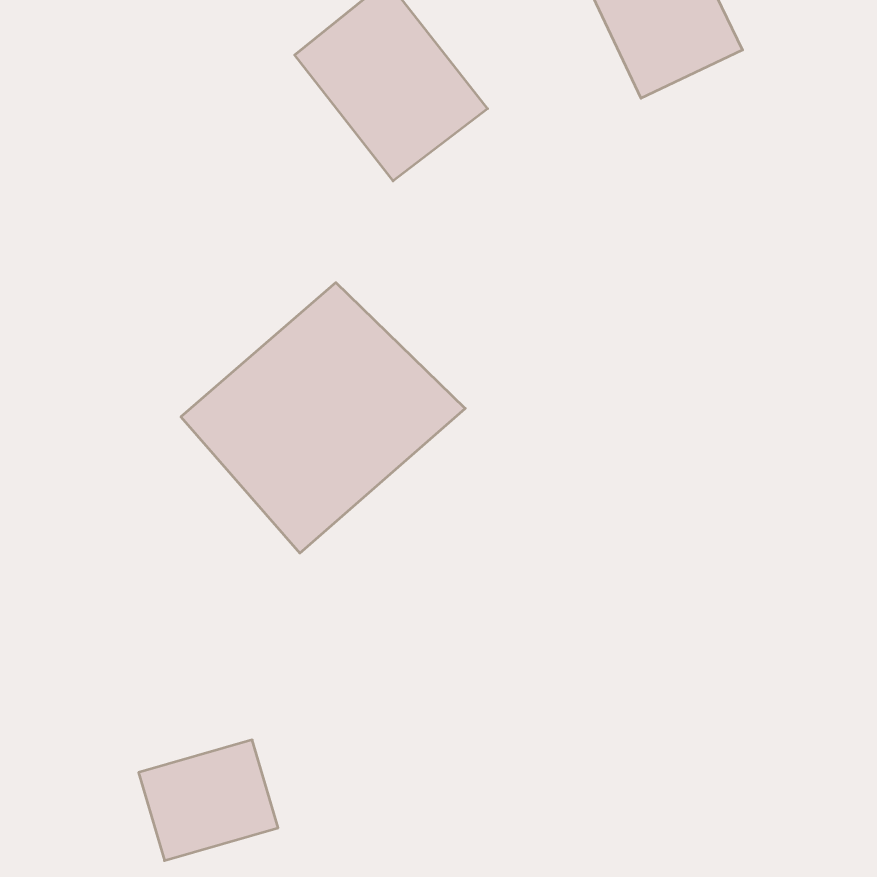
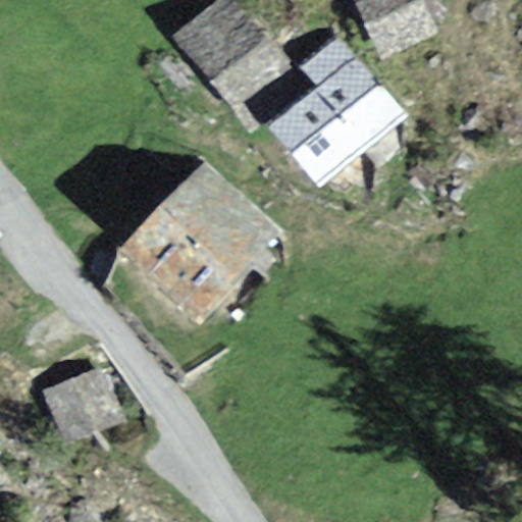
building: none -> [269,33,409,187]
building: [139,740,278,861] -> [25,372,108,443]

